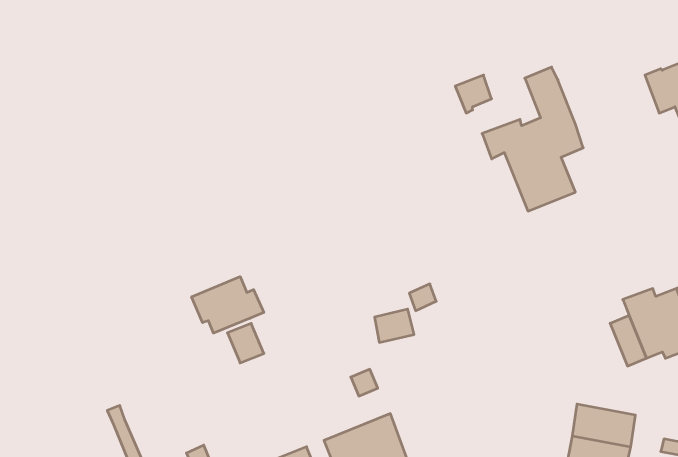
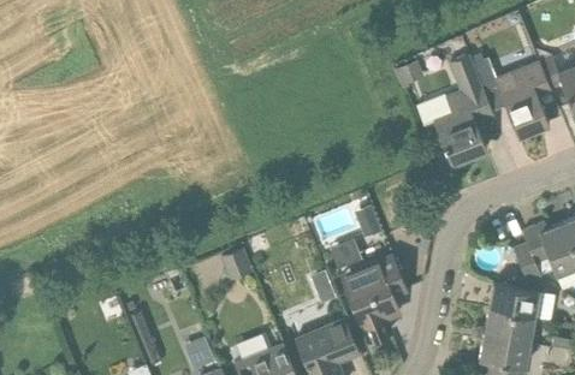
building: none -> [500,60,551,136]
building: [192,277,264,333] -> none
building: none -> [343,255,408,340]
building: none -> [488,284,538,319]

